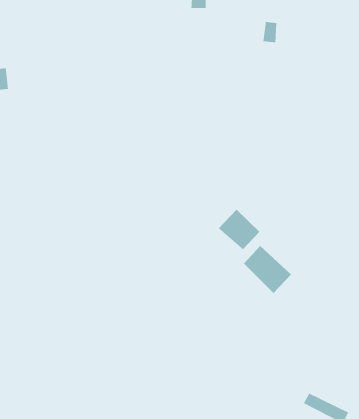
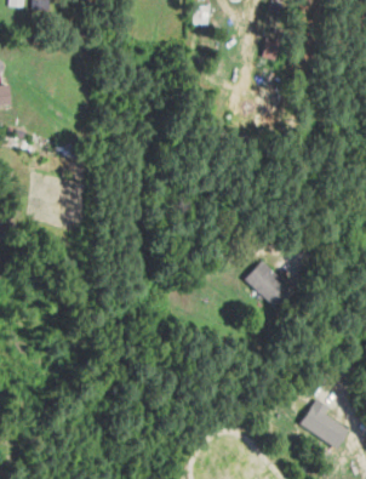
building: [218,209,260,250] -> none

